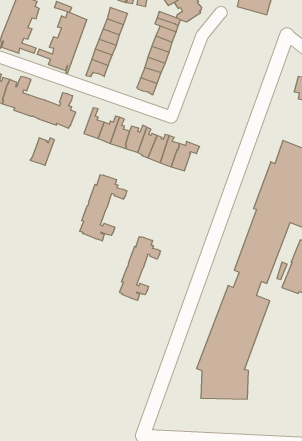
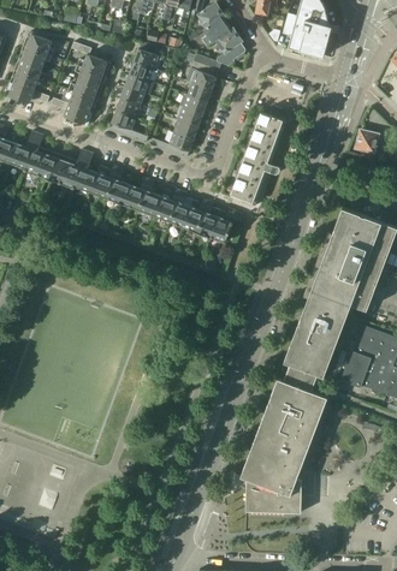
building: none -> [233,113,283,207]
building: [30,138,54,165] -> [89,166,118,198]
building: [80,175,127,241] -> none
building: [119,237,161,300] -> none

